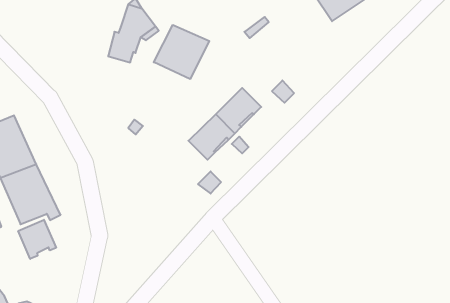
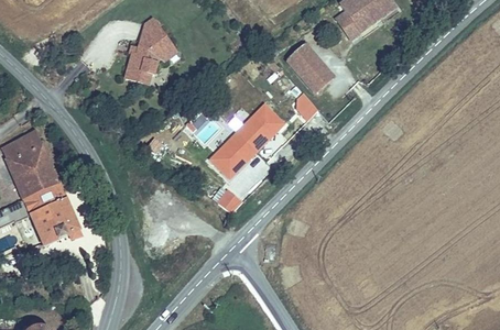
building: [154,25,209,79] -> none
building: none -> [286,42,336,95]
building: [18,220,56,259] -> none

